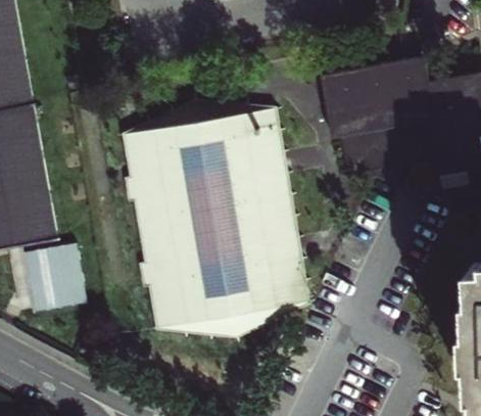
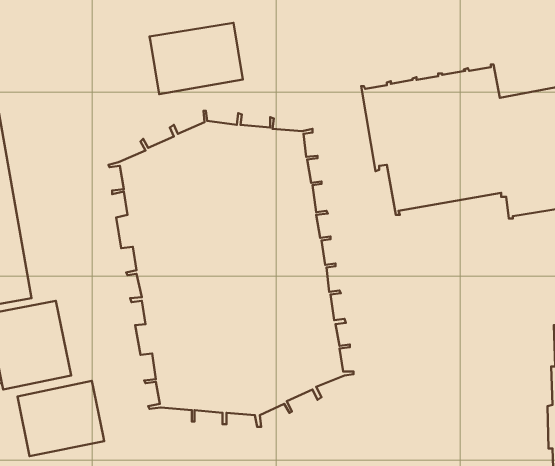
building: none -> [150,23,243,94]
building: none -> [18,381,104,456]

